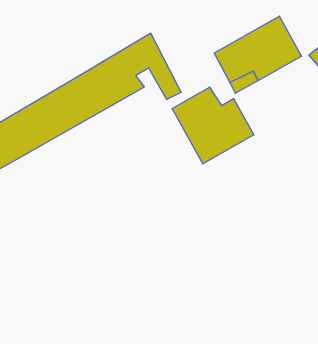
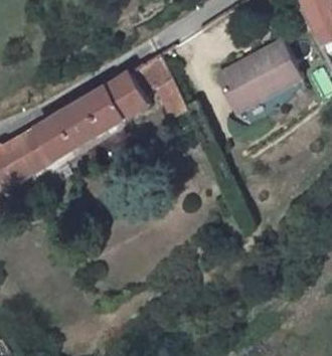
building: [172,87,254,164] -> none

